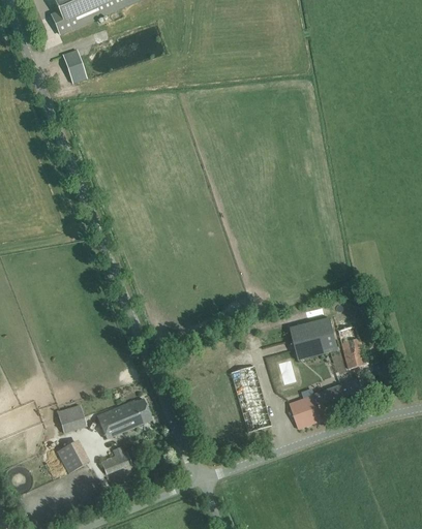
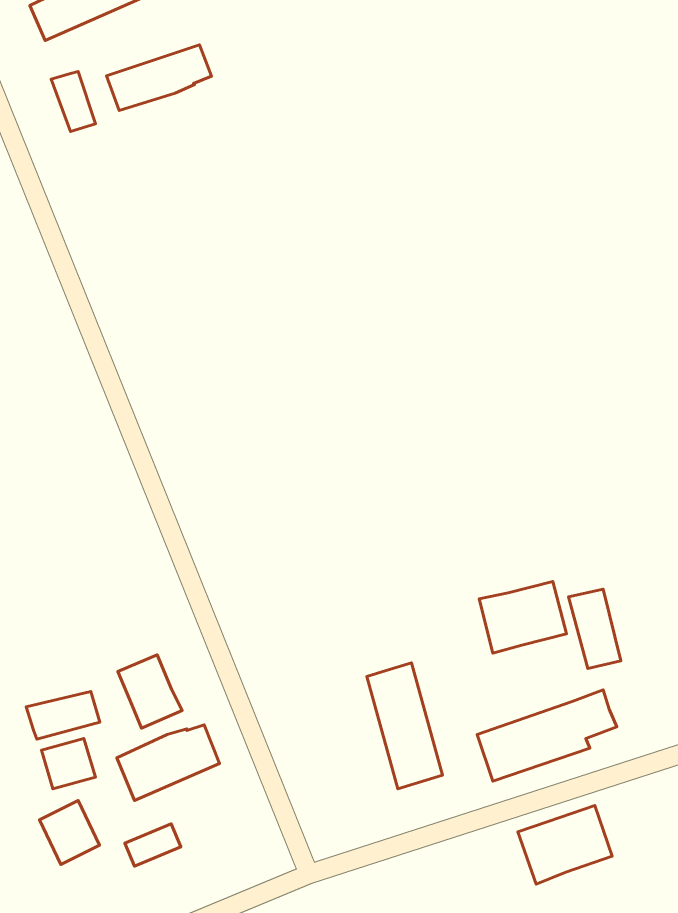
building: none -> [107,45,211,111]
building: none -> [118,655,182,728]
building: none -> [26,691,100,739]
building: none -> [518,805,612,884]

